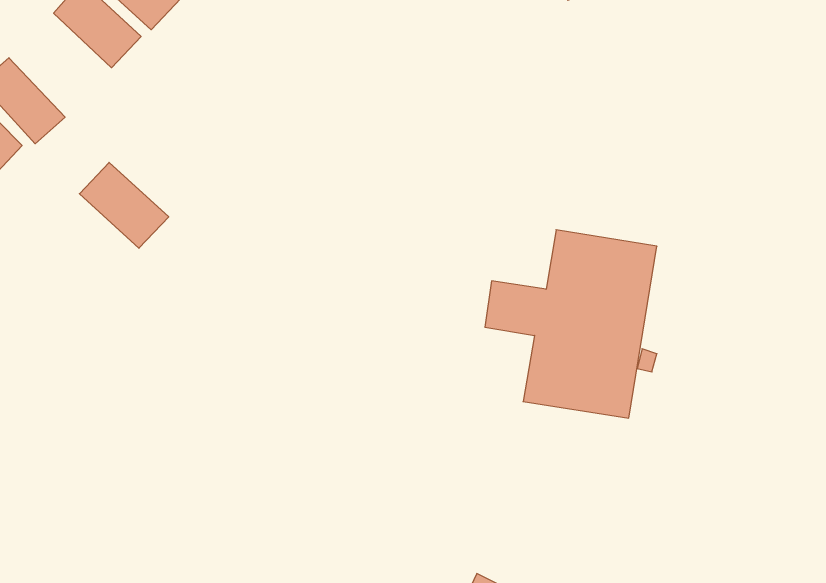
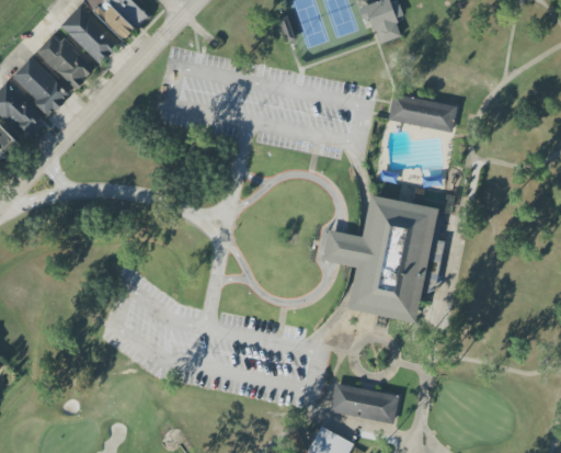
building: none -> [389,93,458,133]
building: [79,162,169,248] -> [11,57,70,114]
building: none -> [331,384,399,422]

